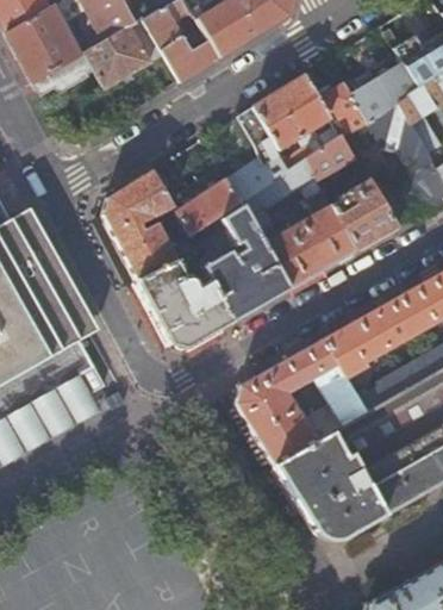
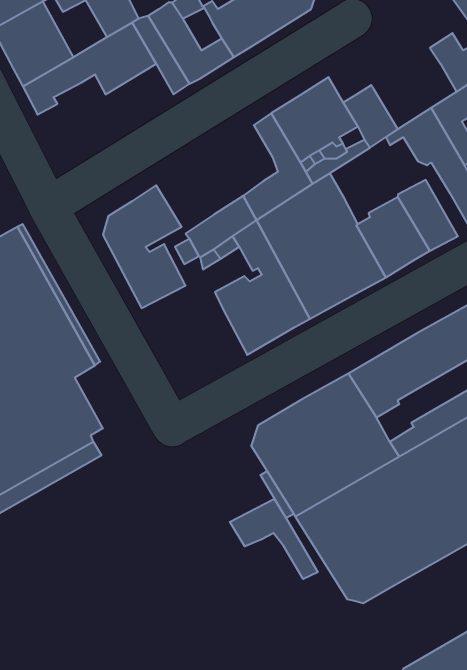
building: [344,62,418,120] -> none
building: [305,137,354,182] -> none
building: [137,250,231,348] -> none
building: none -> [230,499,318,579]

